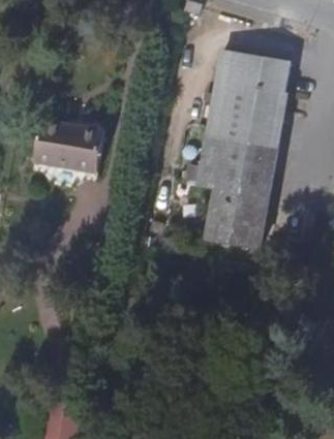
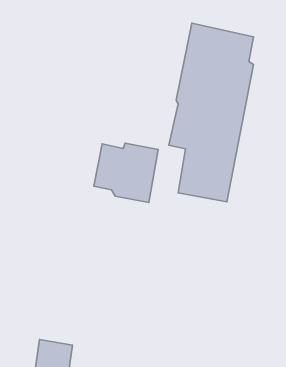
building: [31,123,103,190] -> [94,143,158,203]

